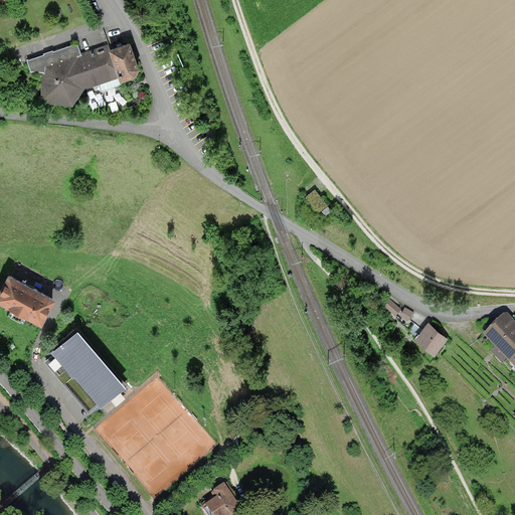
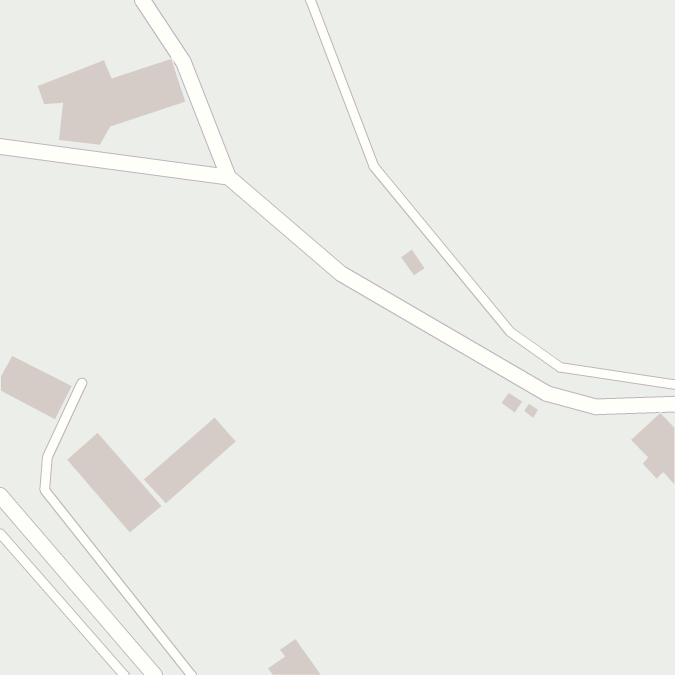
building: none -> [143,416,236,504]
building: [413,321,447,353] -> none

